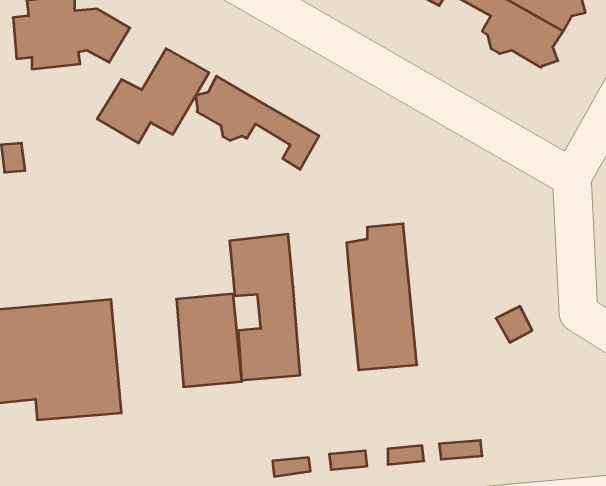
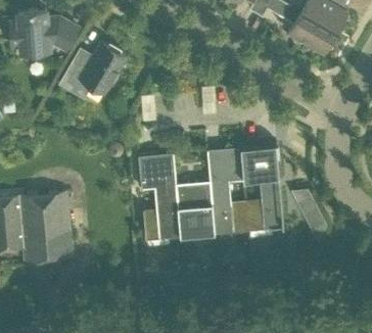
building: [196,76,319,169] -> none
building: none -> [242,144,284,231]
building: [176,294,242,387] -> [177,182,216,237]

